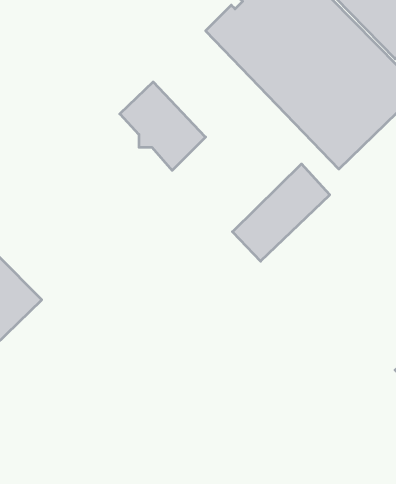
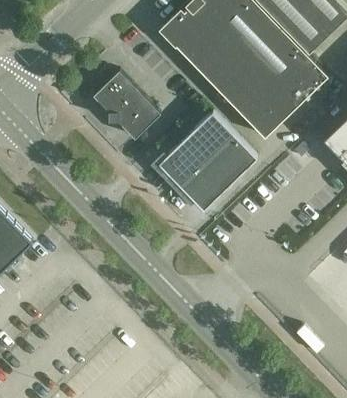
building: none -> [159,112,236,188]

